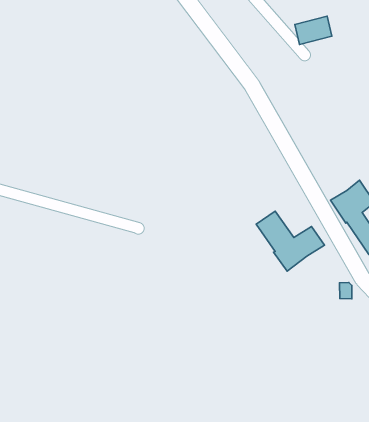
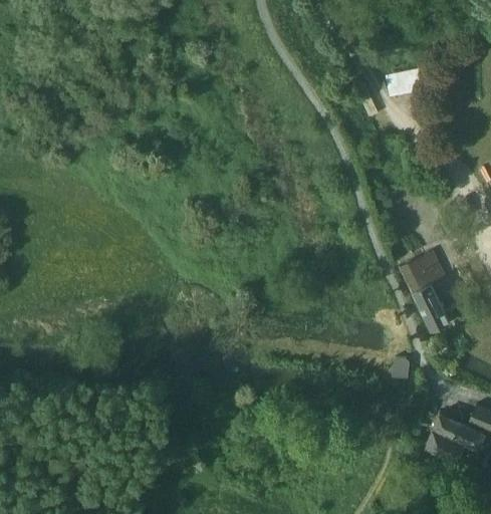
building: [256,211,325,271] -> none

